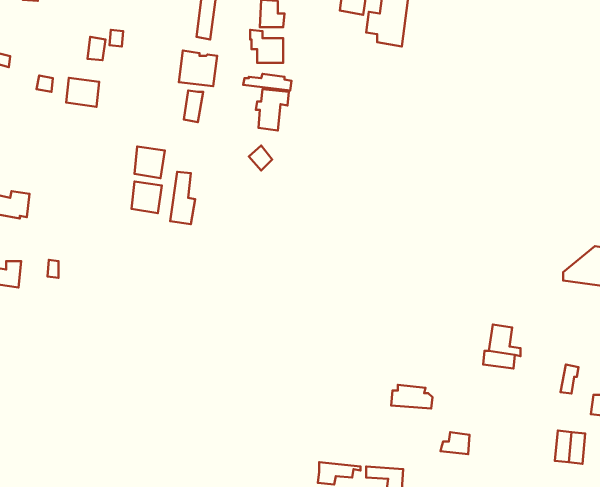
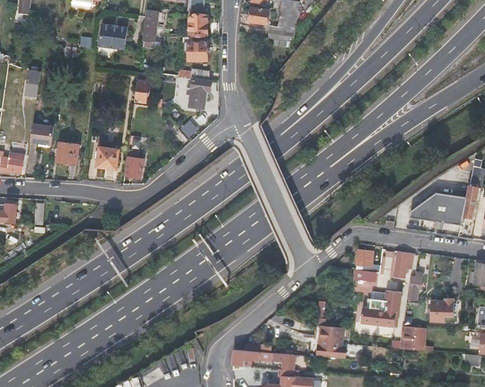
building: [179,50,217,86] -> [99,23,127,49]
building: [66,78,99,107] -> [30,123,54,144]
building: [134,146,165,178] -> [57,141,79,164]
building: none -> [393,251,412,277]
building: none -> [360,289,402,326]
building: [391,385,432,408] -> [316,341,346,358]

